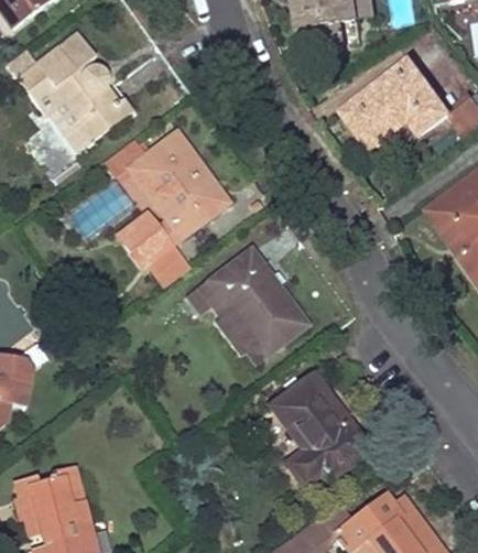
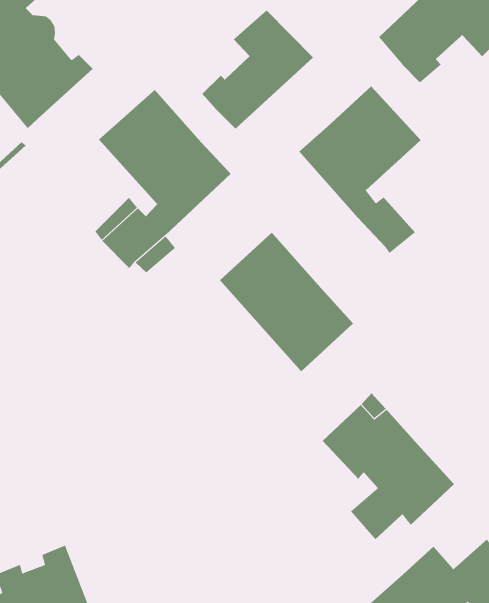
building: none -> [202,9,314,129]
building: none -> [299,85,422,254]
building: [187,280,261,361] -> none

